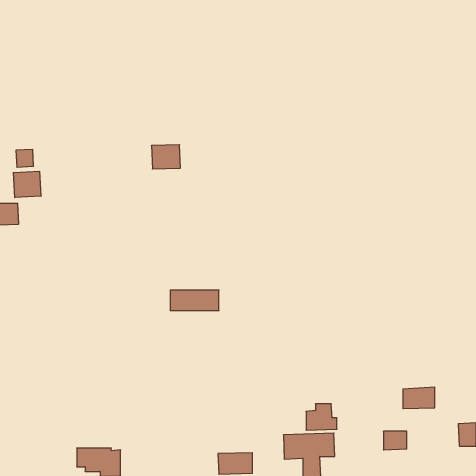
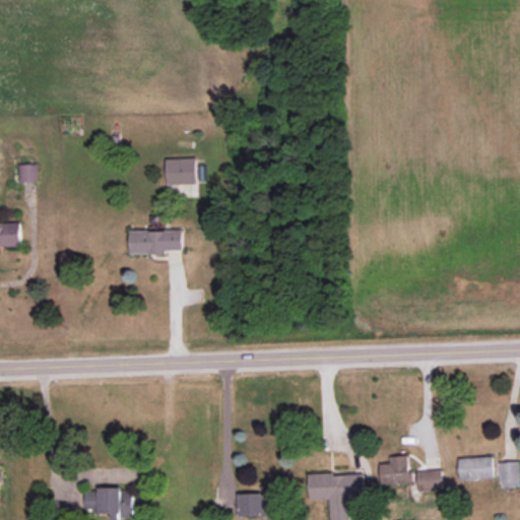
building: [13,171,41,198] -> none
building: [170,290,219,311] -> [129,231,182,253]
building: [403,387,435,409] -> [458,456,493,479]
building: [306,404,337,430] -> [380,456,413,484]

